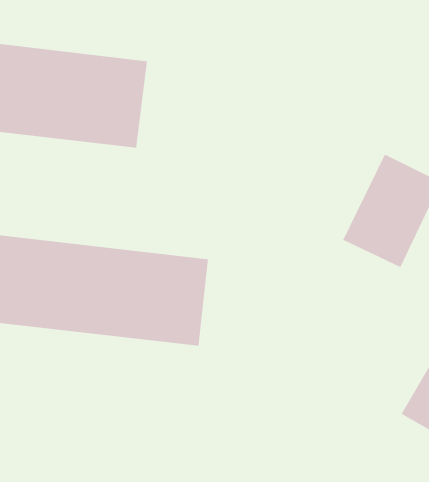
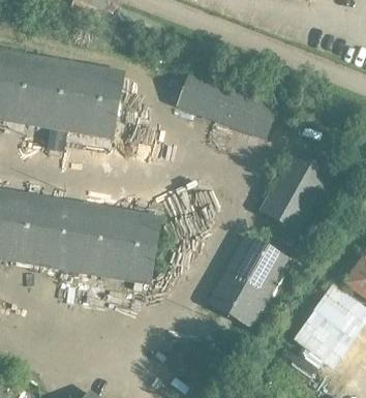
building: none -> [176,72,278,140]
building: none -> [206,234,289,327]

